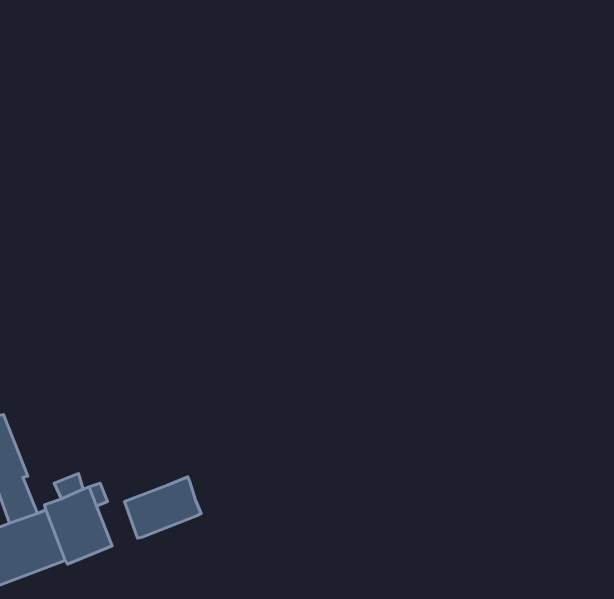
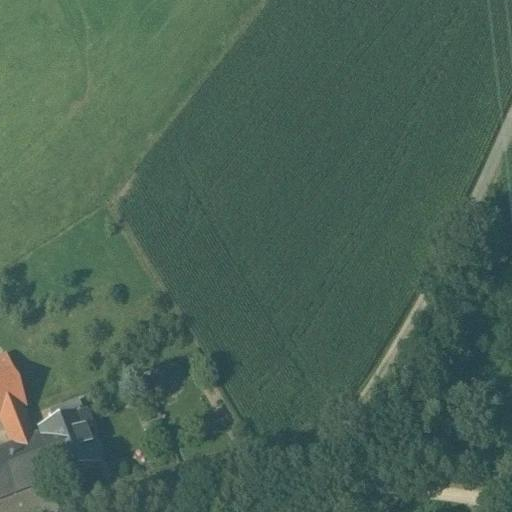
building: [124,477,201,538] -> none

